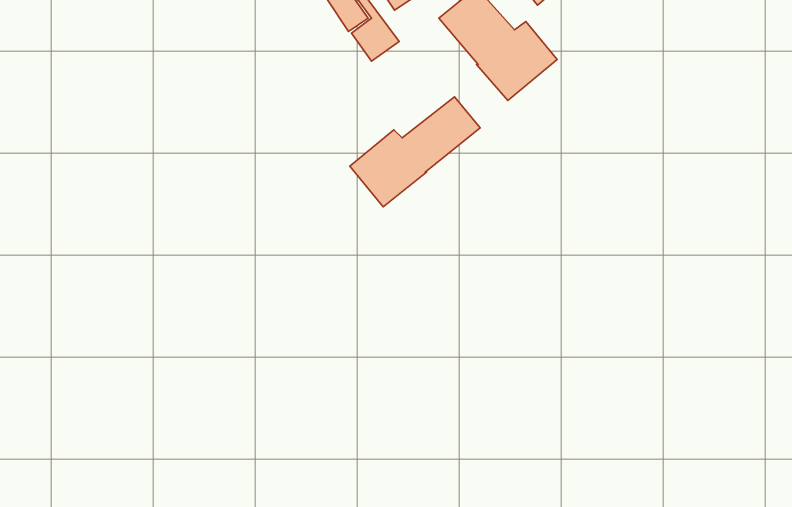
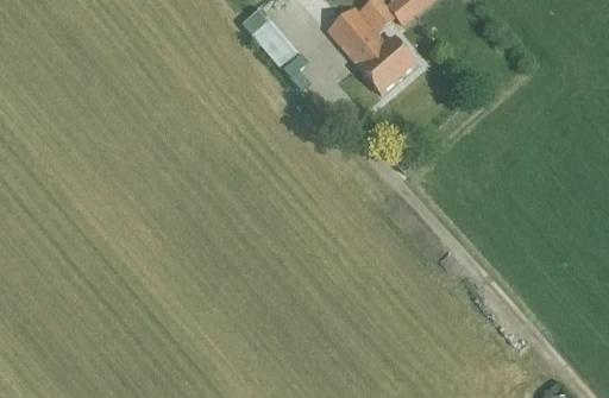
building: [350,97,480,207] -> none

